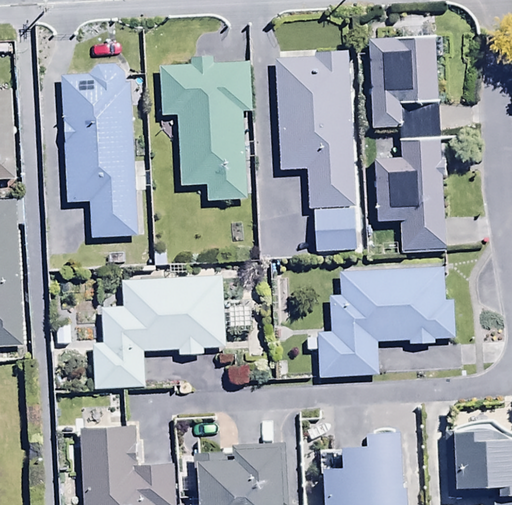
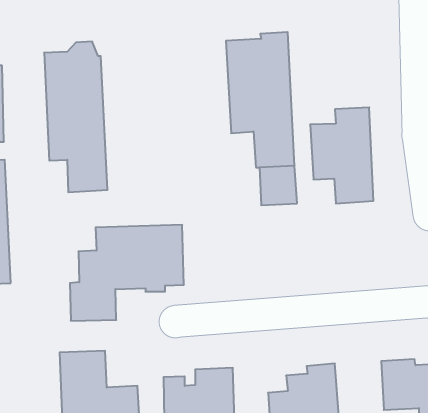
building: [368,39,442,140] -> none
building: [160,55,251,201] -> none
building: [309,268,455,375] -> none

